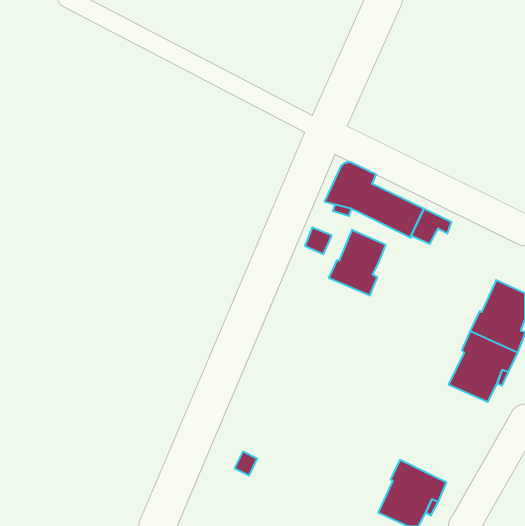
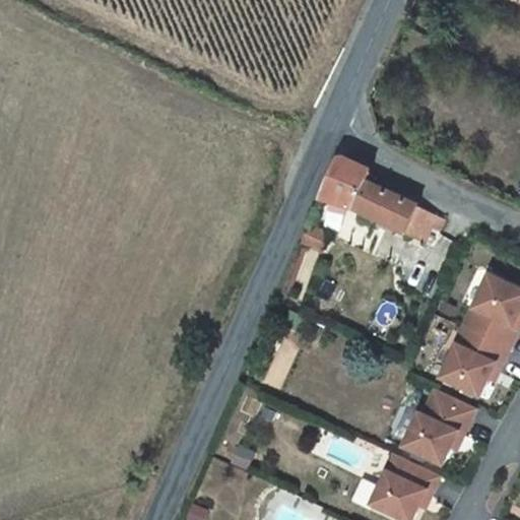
building: [329,230,385,296] -> none
building: none -> [403,388,475,464]

